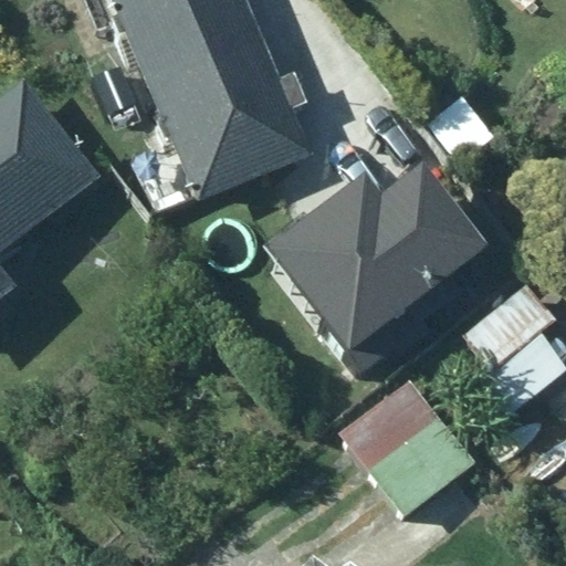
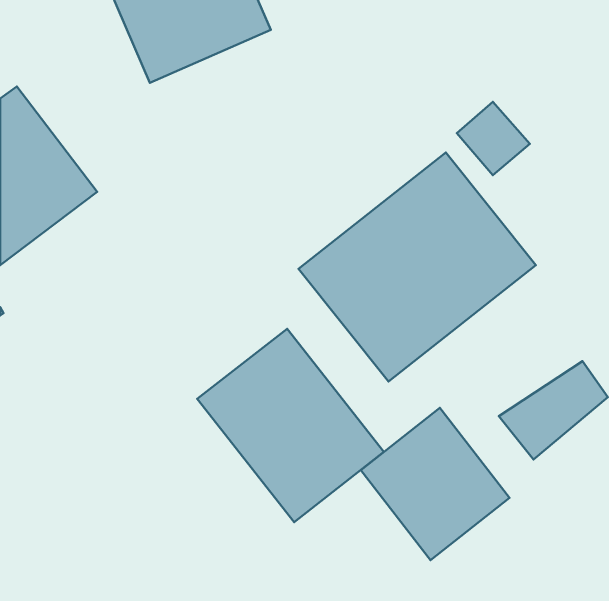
building: [142,28,307,202] -> none
building: none -> [197,329,384,522]

